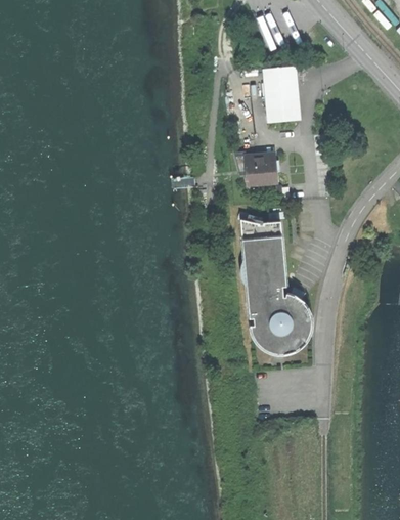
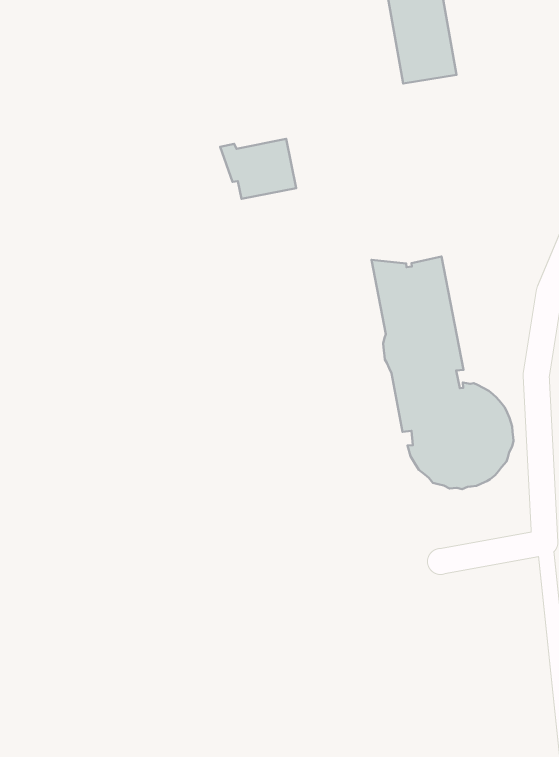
building: [236,153,277,184] -> [220,139,296,199]

